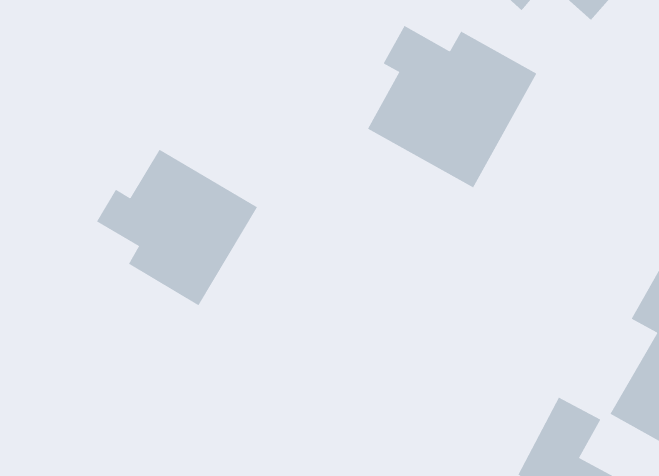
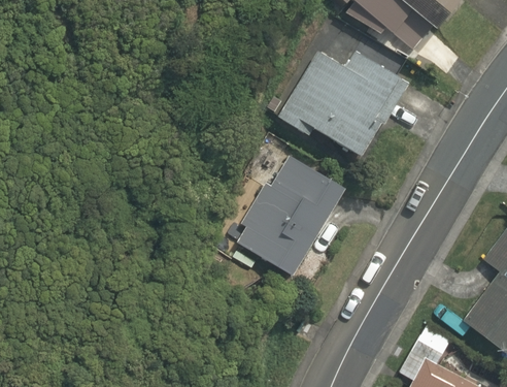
building: [96,149,258,306] -> none
building: none -> [235,154,343,276]

